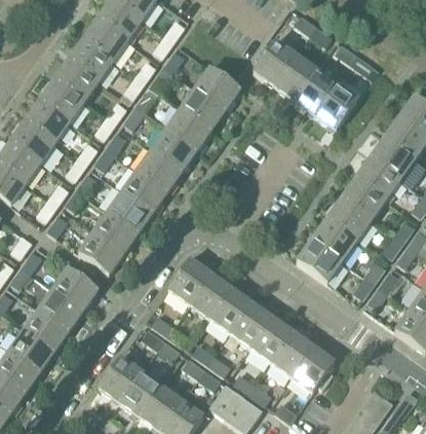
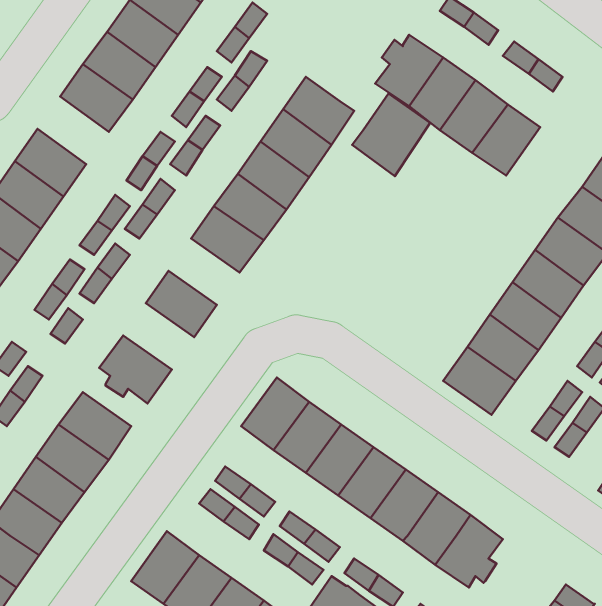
building: none -> [352,93,430,176]
building: [39,79,84,122] -> none
building: [122,170,167,212] -> none
building: [93,211,139,253] -> none

